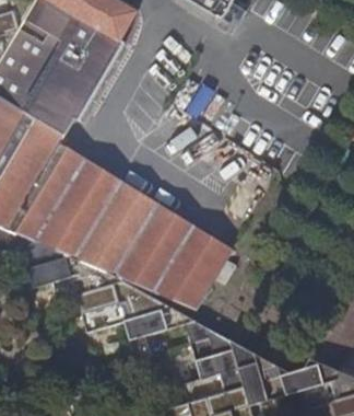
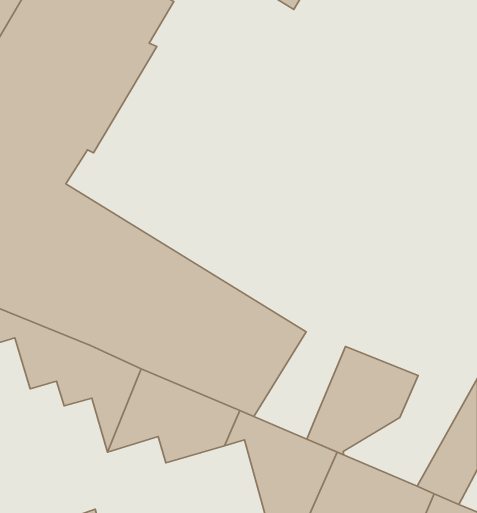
building: none -> [307,346,418,455]

